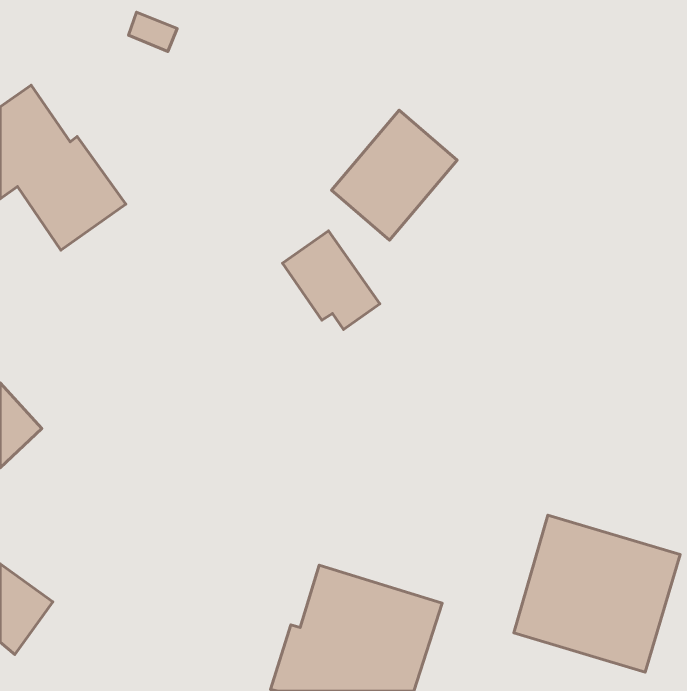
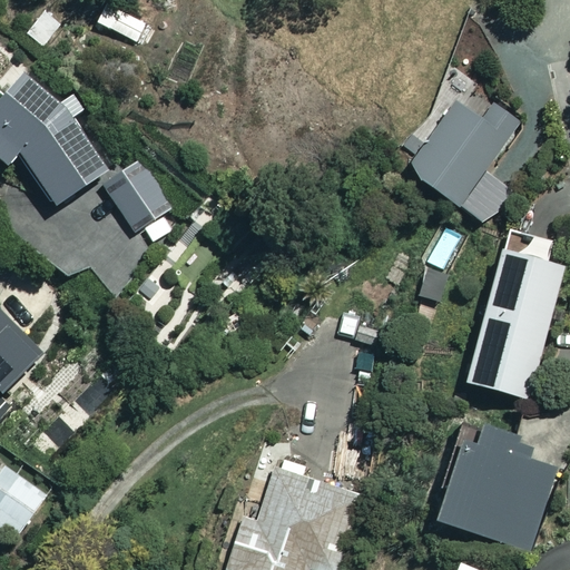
building: [331,110,457,240] -> [409,98,512,205]
building: [283,231,380,330] -> [106,160,186,242]
building: none -> [463,249,562,399]

